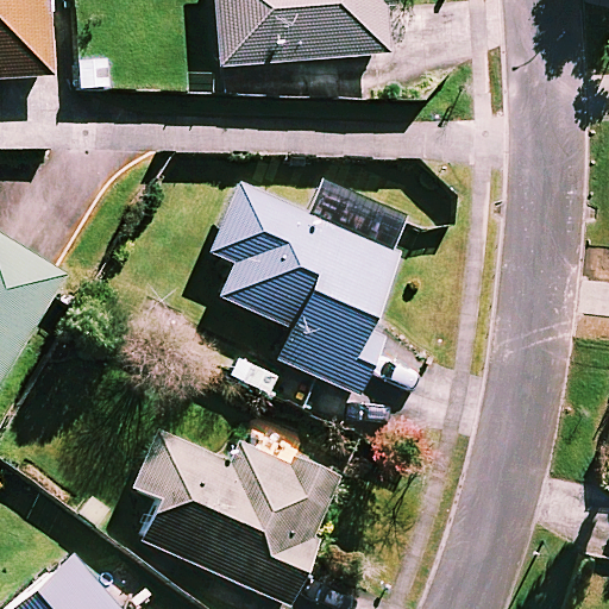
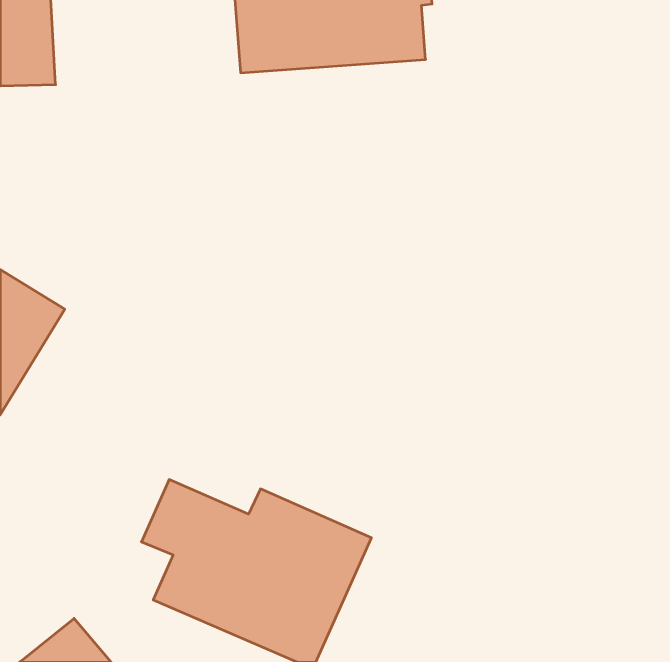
building: [213,186,410,394] -> none

